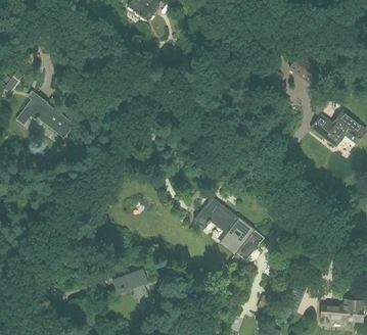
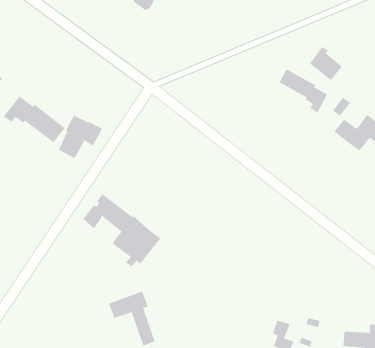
building: none -> [279,69,328,114]
building: none -> [58,115,103,159]
building: [194,197,264,262] -> [82,193,161,267]

